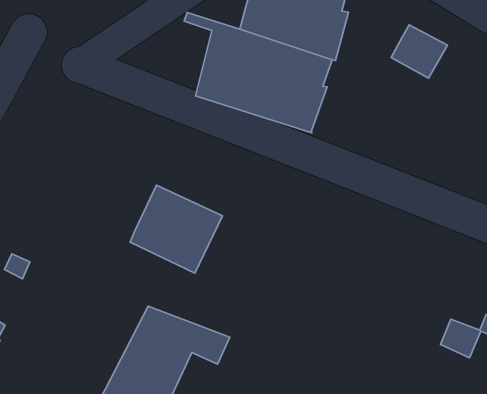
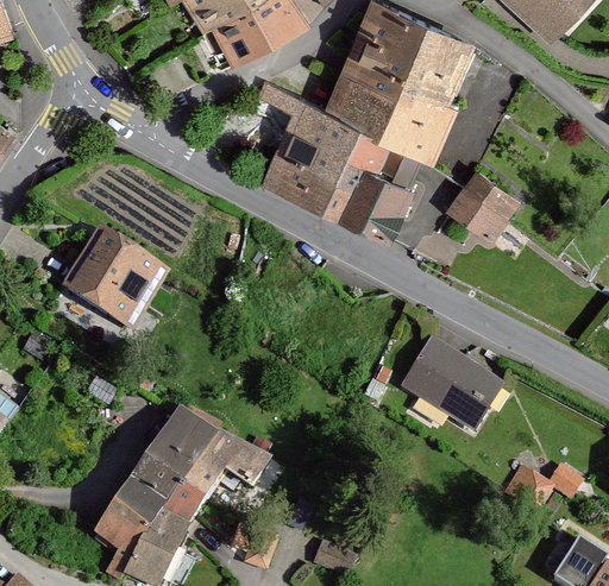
building: [391,25,448,78] -> [448,175,514,238]
building: [130,185,223,273] -> [63,223,171,328]
building: none -> [404,341,500,427]

